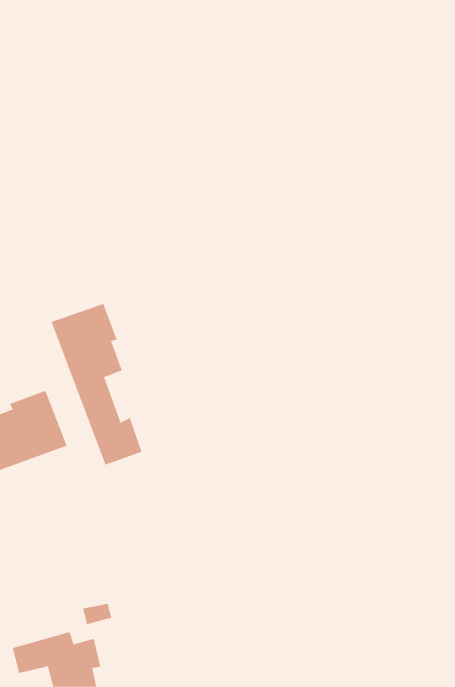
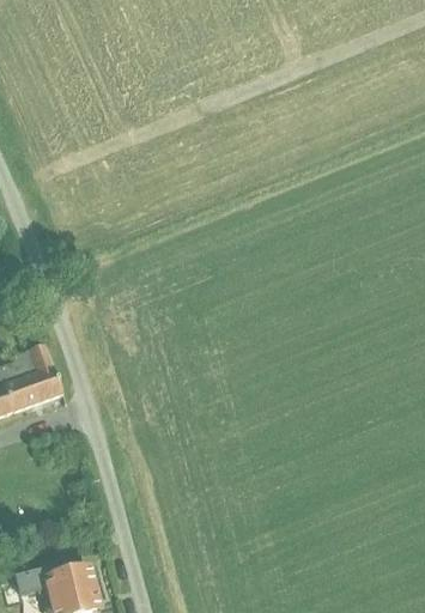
building: [51,303,142,466] -> none

